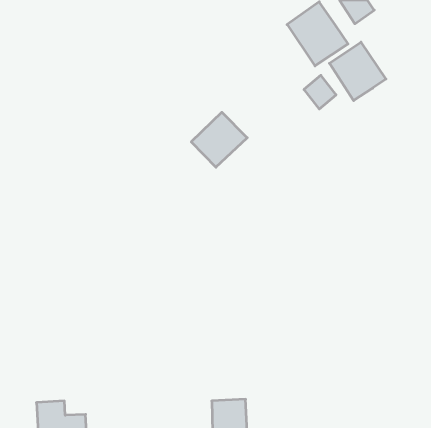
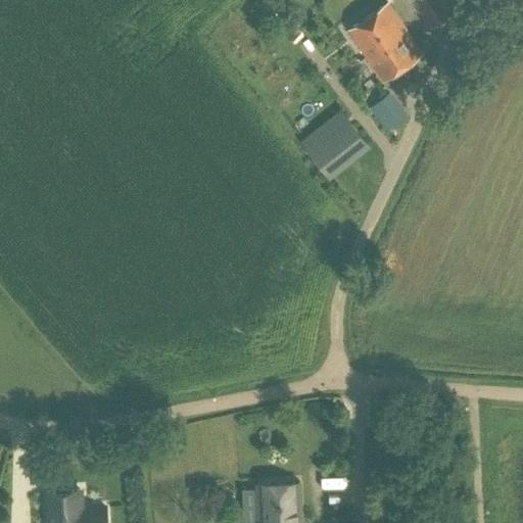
building: [329,42,386,101] -> none
building: [191,112,247,167] -> [304,108,372,175]

